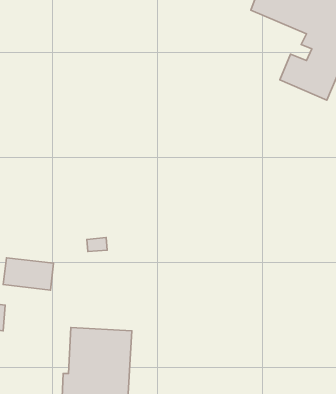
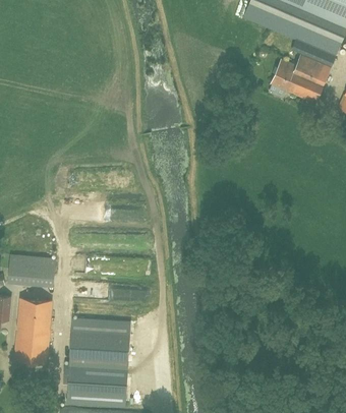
building: none -> [14,297,52,362]

